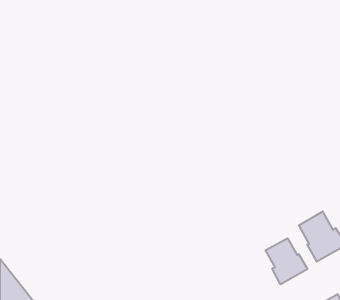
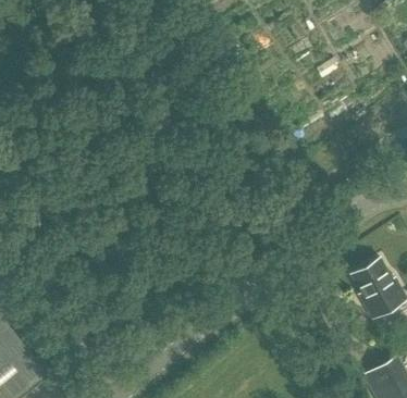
building: [265,238,307,284] -> none

